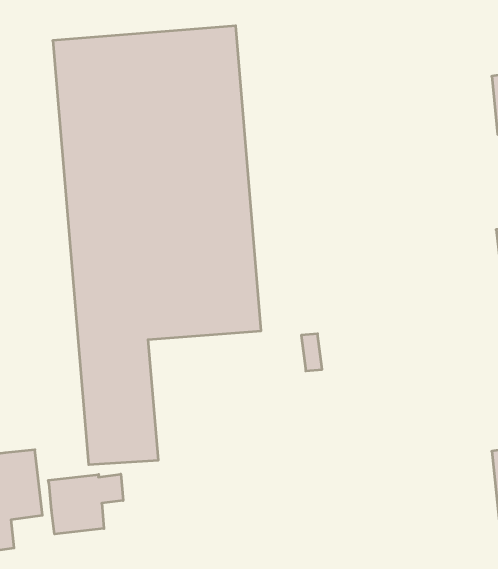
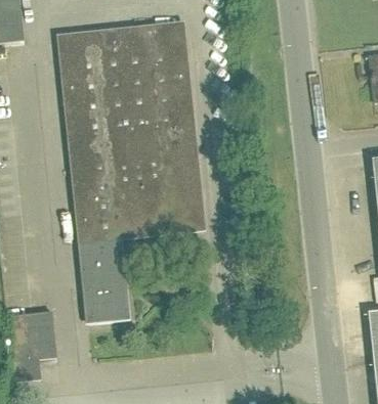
building: [48,474,123,534] -> none

